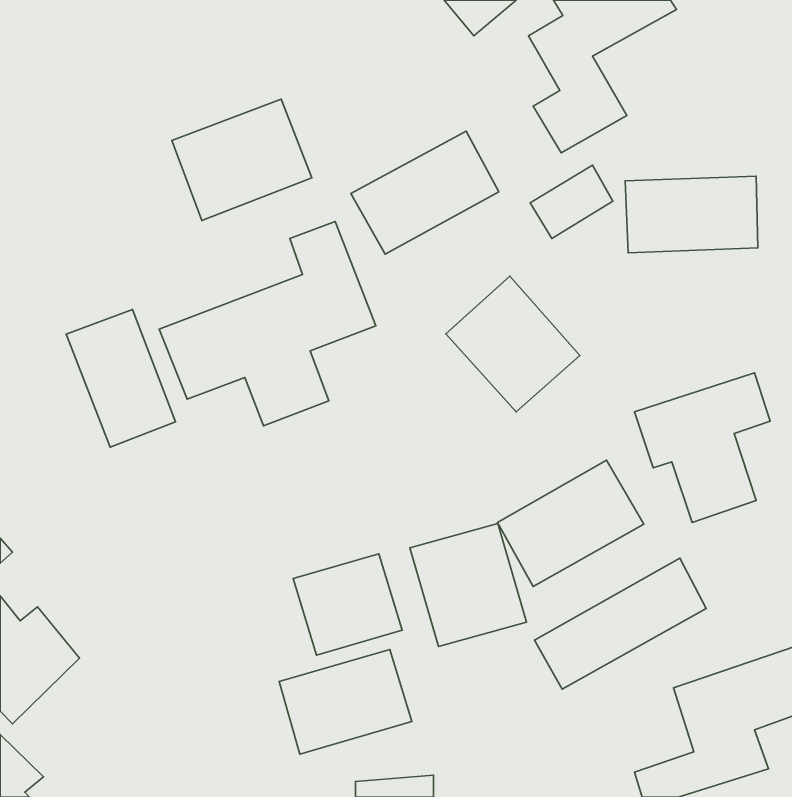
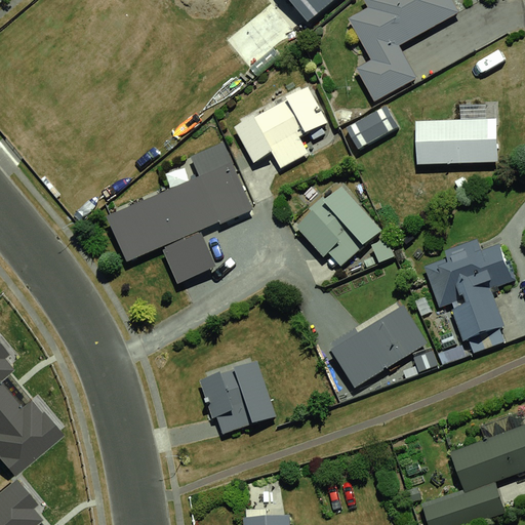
building: [172,99,312,221] -> none
building: [66,310,175,447] -> none
building: [410,524,527,647] -> none
building: [535,558,706,689] -> none
building: [279,649,412,754] -> none

